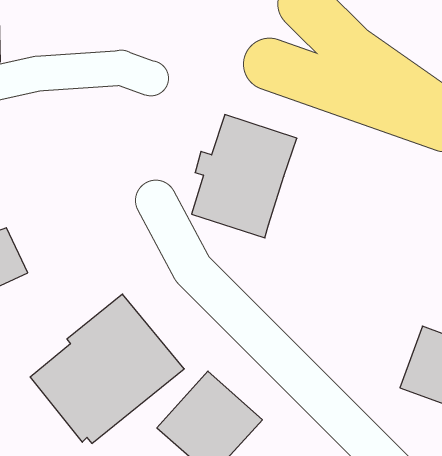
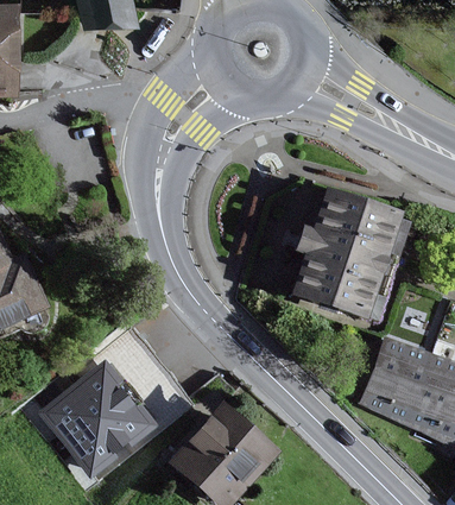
building: [192,115,297,238] -> [301,189,406,313]
building: none -> [362,341,434,422]

